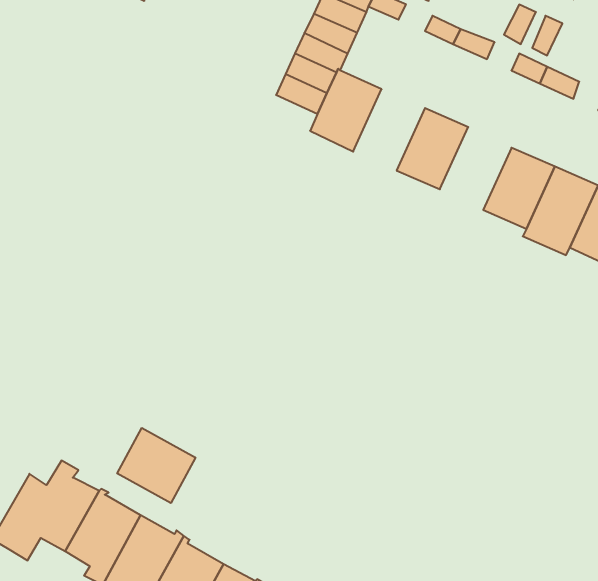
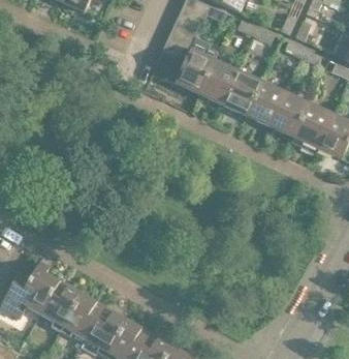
building: none -> [198,60,237,104]
building: none -> [246,81,285,126]
building: [117,428,195,503] -> none

